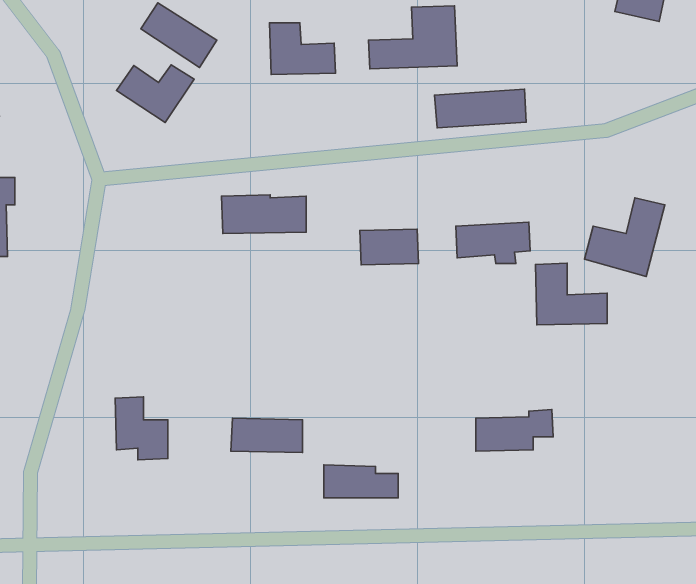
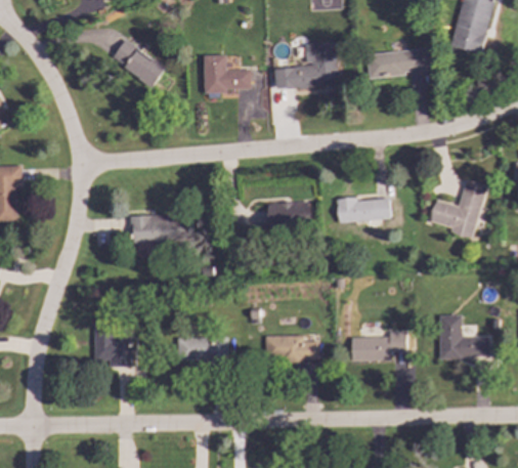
building: [117,65,194,123] -> none
building: [434,89,526,128] -> [366,49,432,77]
building: [222,195,306,234] -> [132,215,192,243]
building: [536,263,607,325] -> [438,315,489,359]
building: [324,465,398,498] -> [265,336,318,359]

